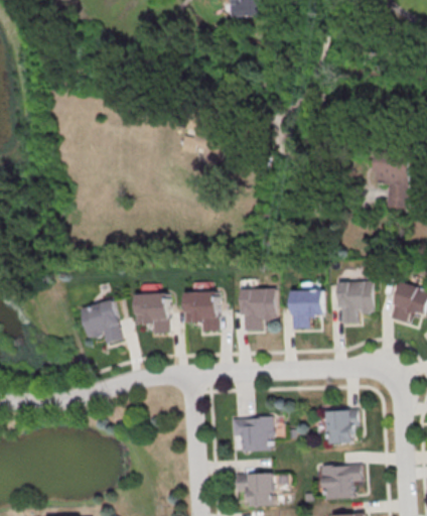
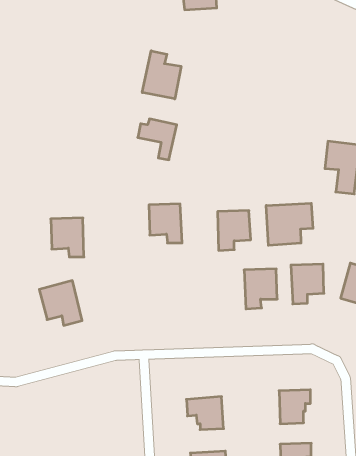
building: none -> [142,51,181,99]
building: none -> [266,203,313,245]
building: [242,287,276,329] -> [218,211,251,250]
building: [182,289,217,330] -> [149,204,182,243]
building: [133,290,167,331] -> [51,218,84,257]

